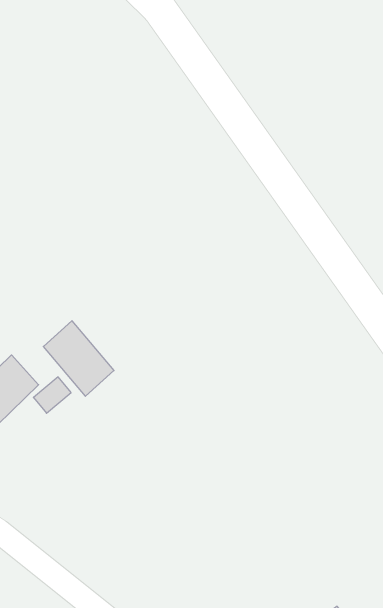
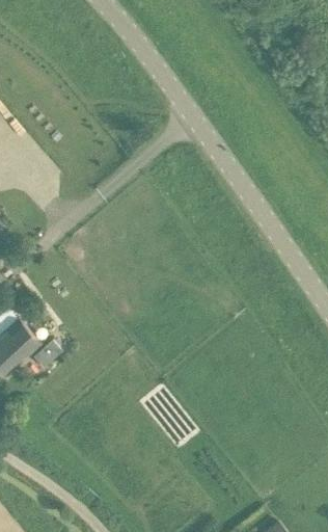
building: [43,321,114,396] -> none

